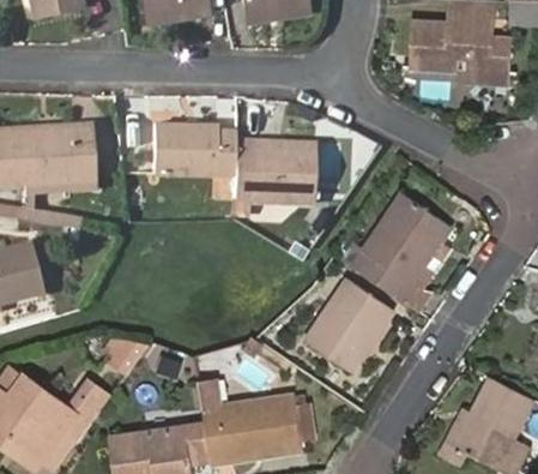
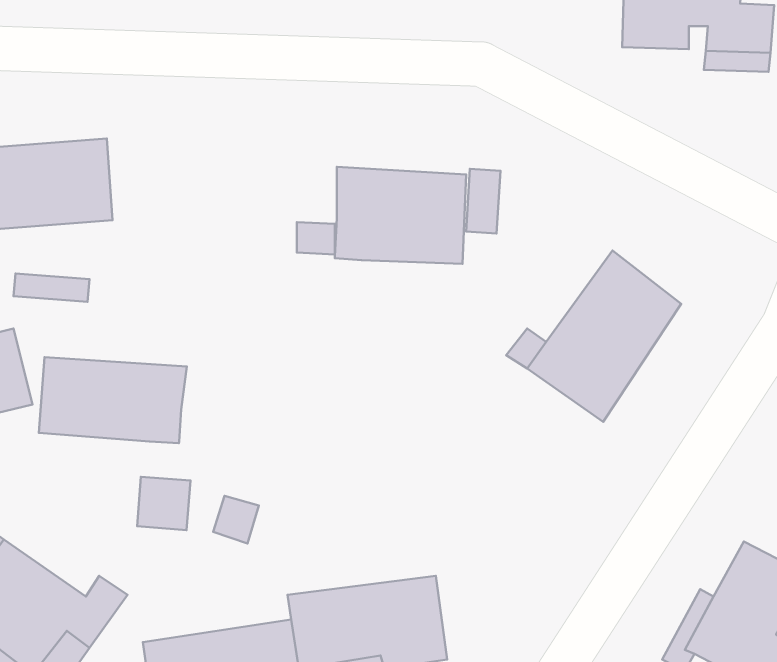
building: [153,122,235,174] -> none
building: none -> [39,357,187,443]
building: [310,278,395,371] -> none

